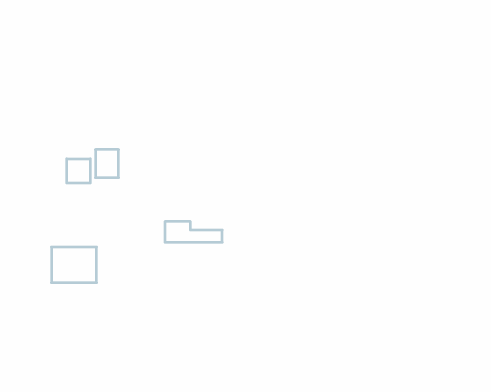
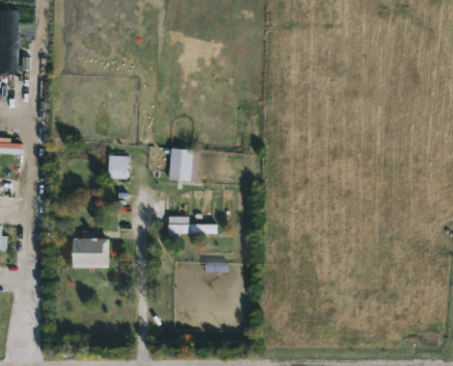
building: none -> [168,148,199,181]
building: [67,159,90,183] -> none

